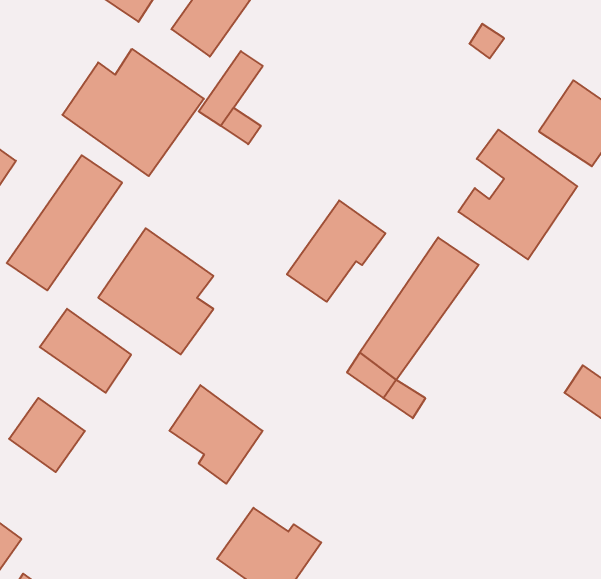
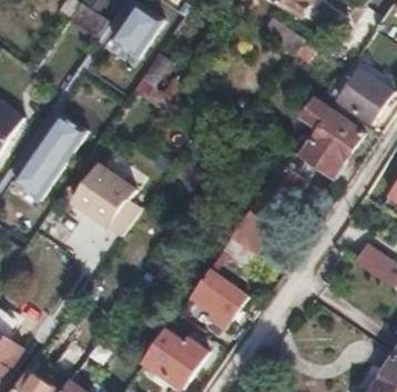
building: [62,49,204,176] -> none
building: [287,200,385,302] -> none
building: [169,385,263,484] -> [187,270,244,330]
building: [9,398,85,472] -> none

